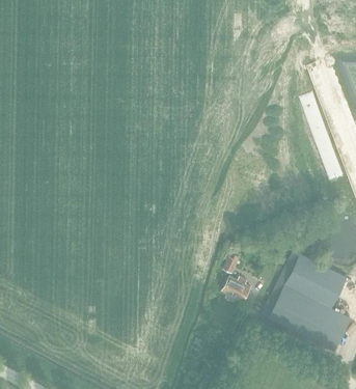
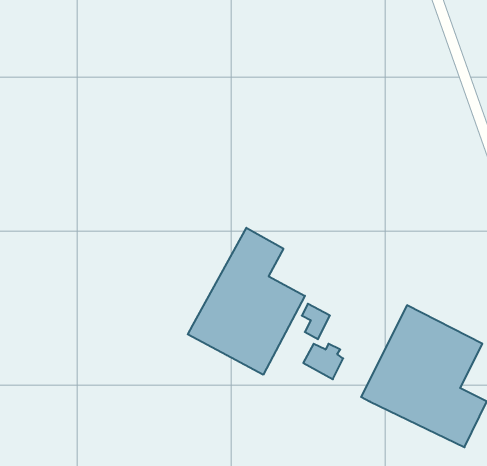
building: none -> [188,228,305,375]

